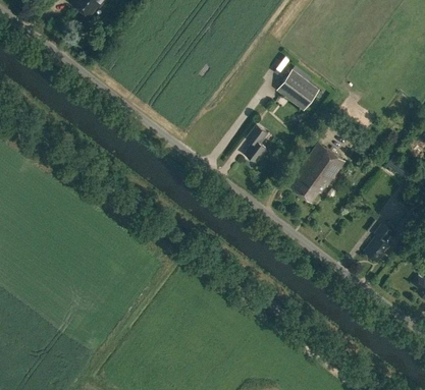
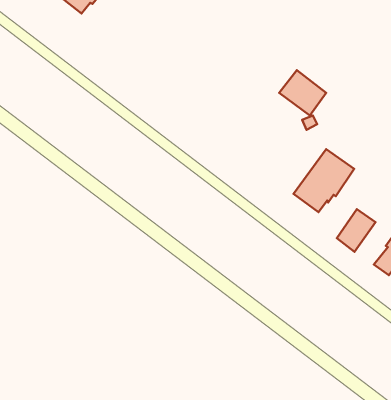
building: [246,125,269,162] -> none
building: none -> [337,209,376,252]

